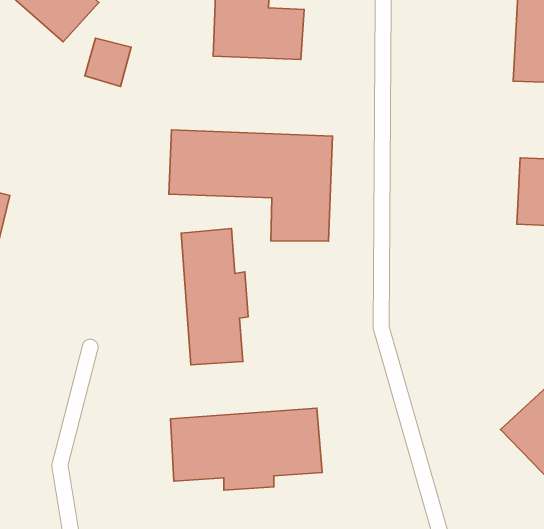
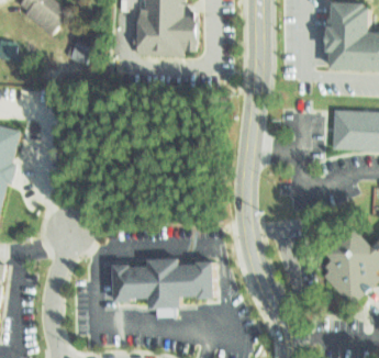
building: [169,130,332,241] -> none
building: [181,229,248,365] -> none

